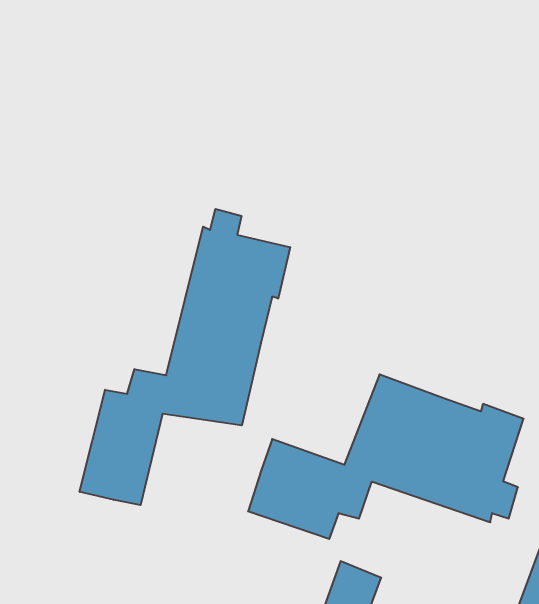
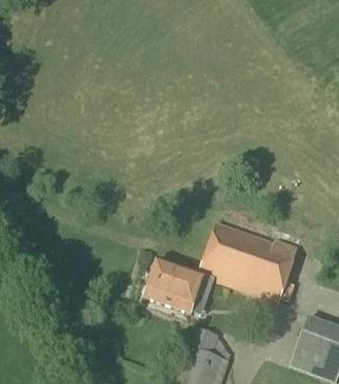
building: [80,209,290,505] -> none

